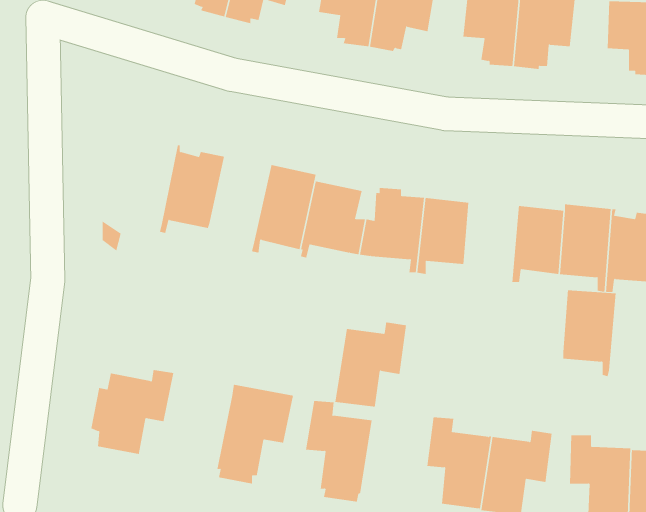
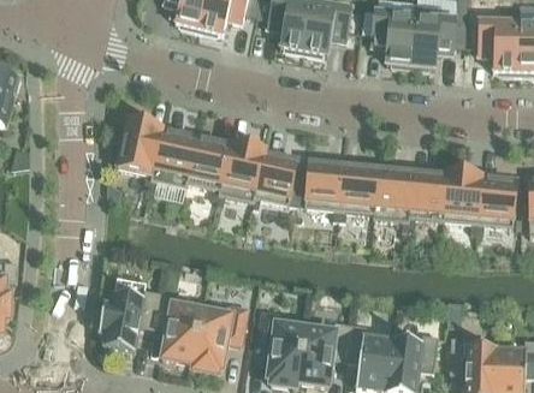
building: none -> [118,113,162,181]
building: none -> [186,131,231,196]
building: [562,290,616,377] -> [373,165,413,228]
building: [335,322,407,407] -> [297,320,350,382]
building: none -> [153,290,203,361]

